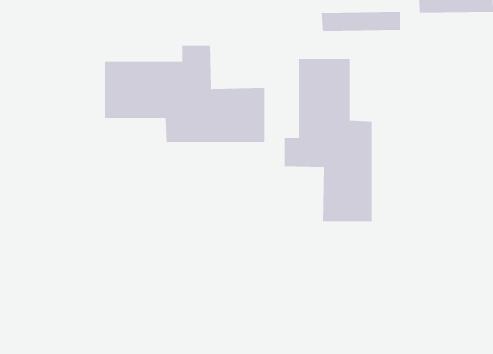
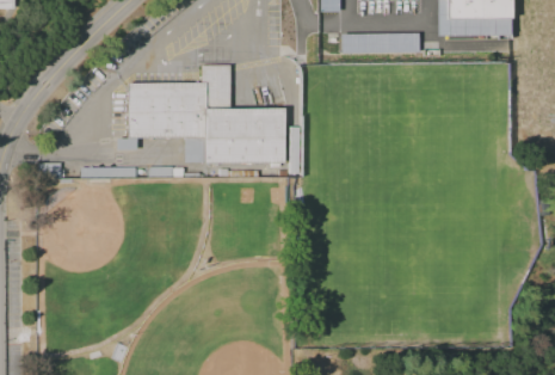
building: [284,58,372,222] -> none

